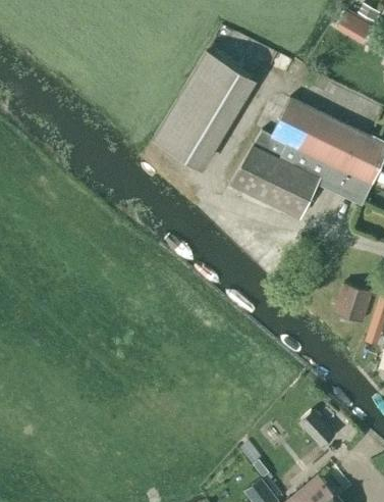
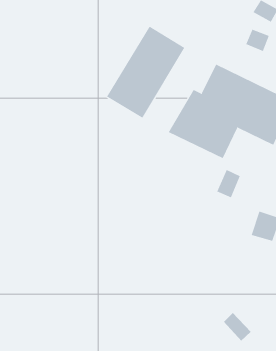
building: none -> [246,29,269,52]
building: none -> [216,169,241,198]

